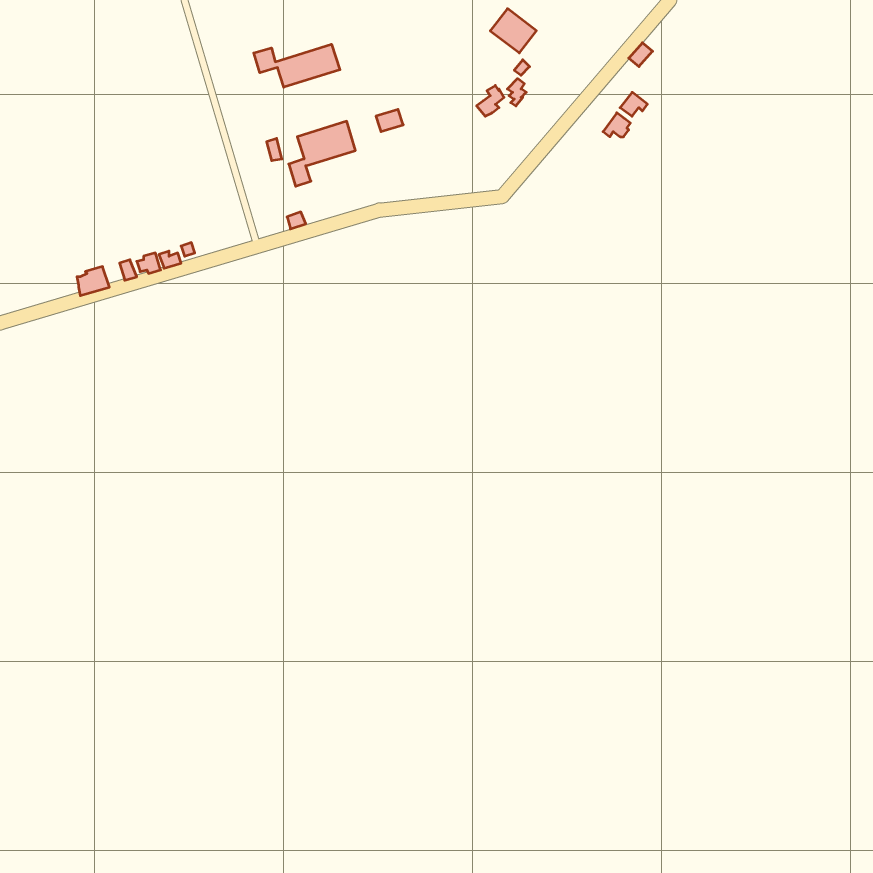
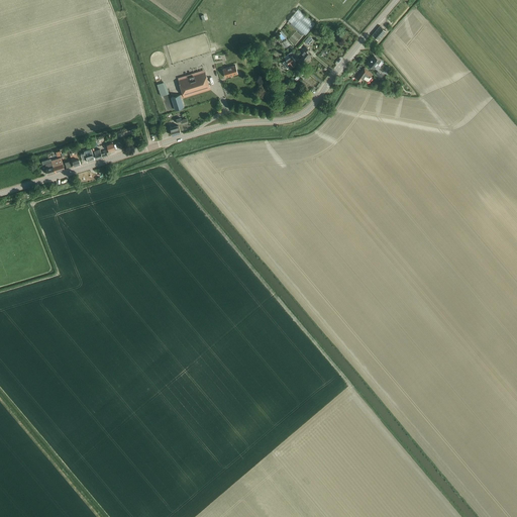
building: [254,44,340,87] -> none

